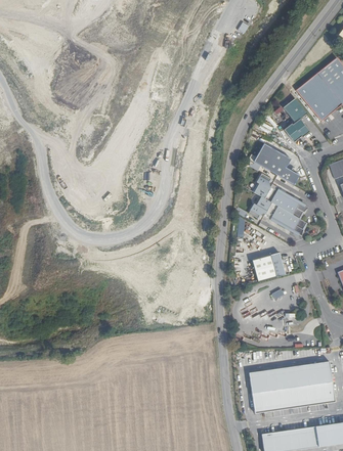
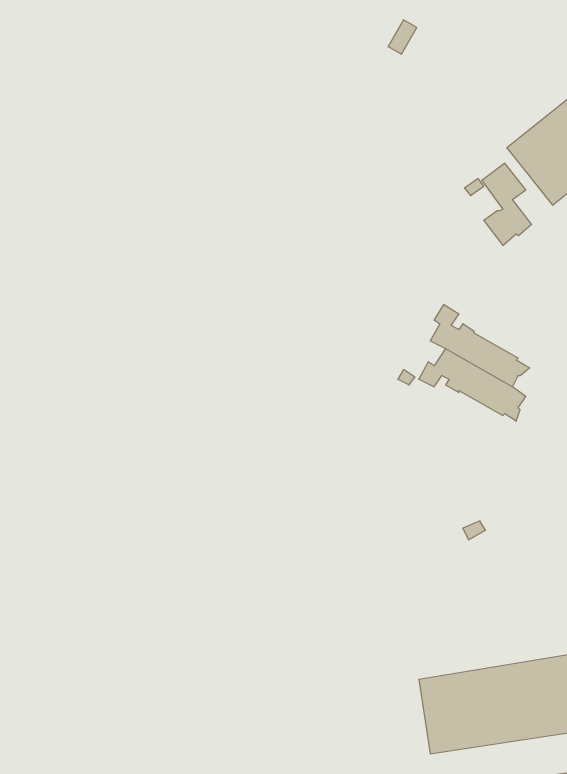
building: [253,143,299,184] -> none
building: [252,252,288,281] -> none

